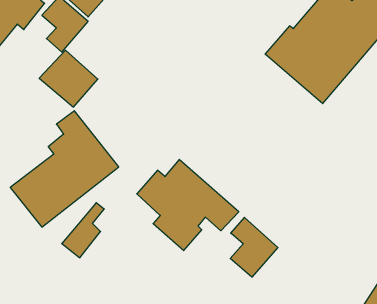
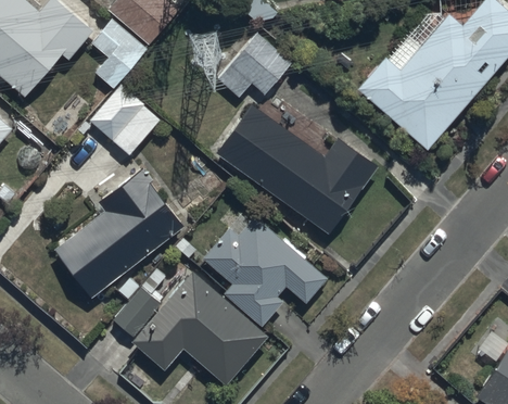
building: none -> [218,34,292,98]
building: none -> [217,104,380,235]
building: none -> [134,272,268,384]
building: [230,217,278,277] -> none

